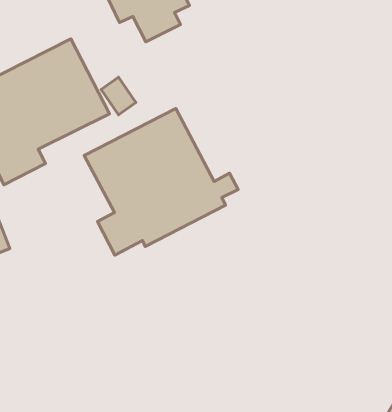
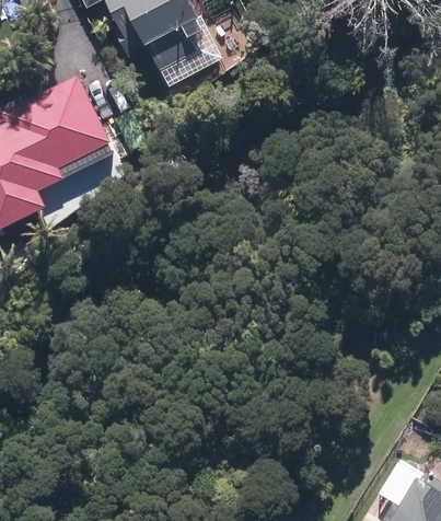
building: [84,109,238,255] -> none

